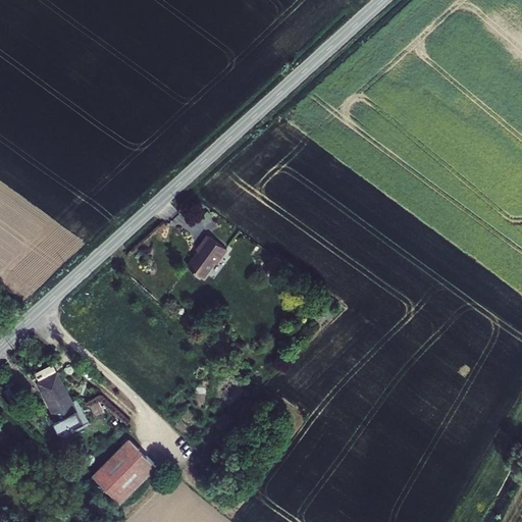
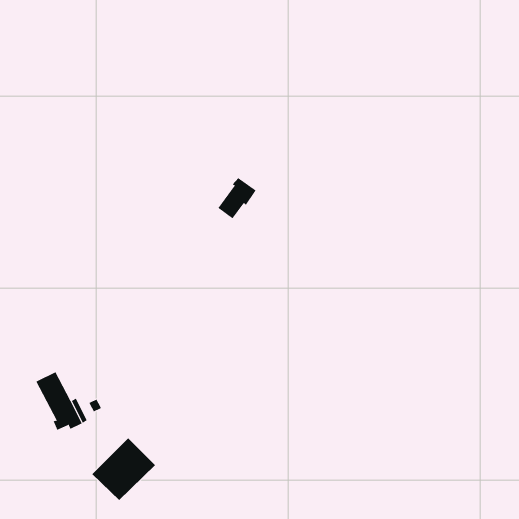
building: [187,237,225,278] -> [218,177,256,219]

